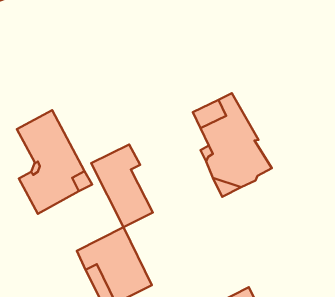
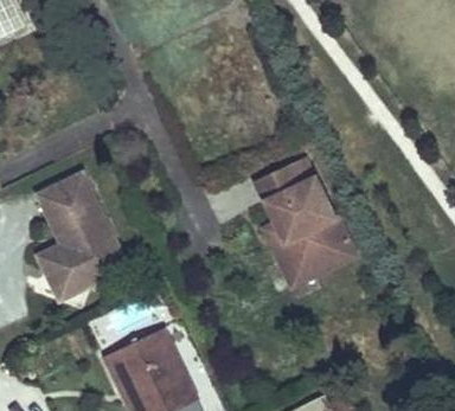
building: [91,145,153,227] -> none

